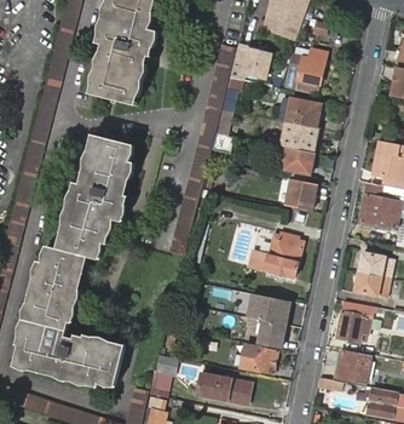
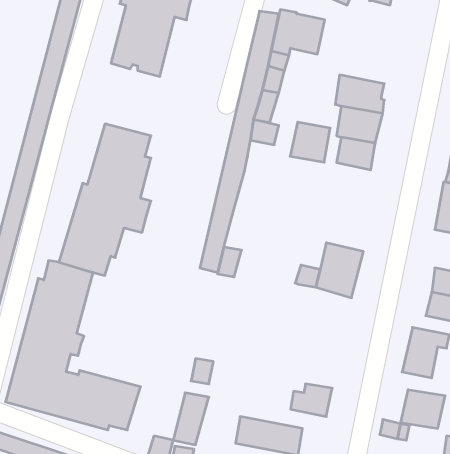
building: [282,48,327,93] -> none
building: [282,177,314,210] -> [290,122,330,162]
building: [247,292,290,348] -> none

